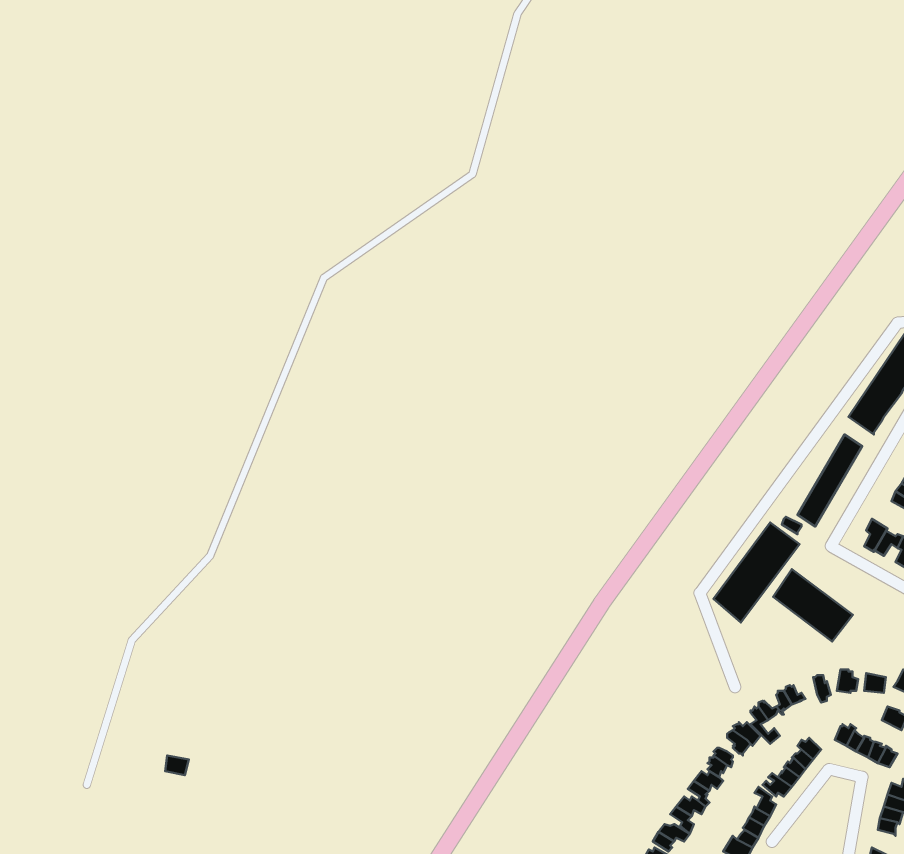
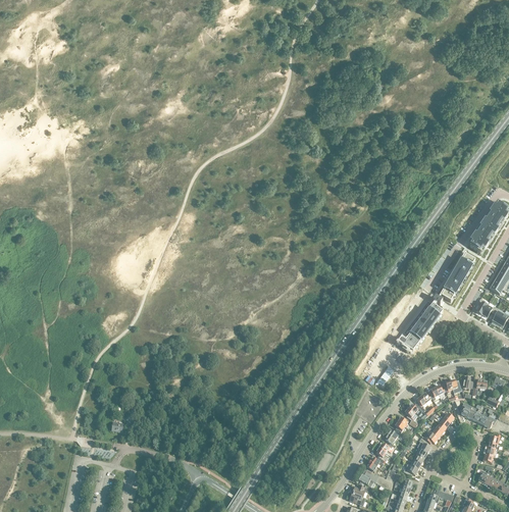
building: [773,569,853,642] -> none

